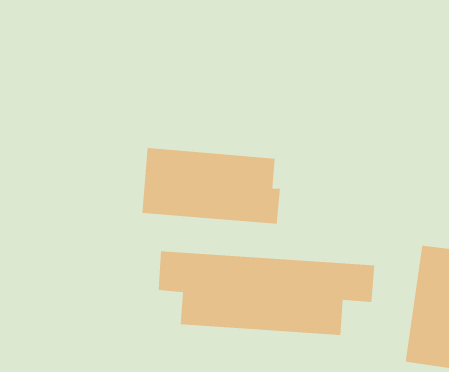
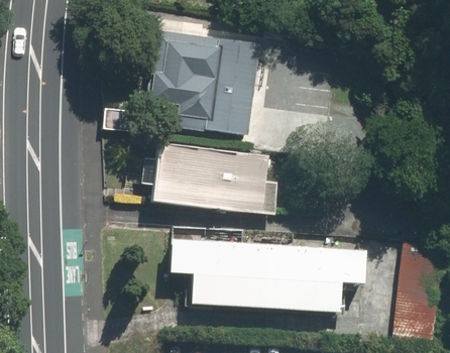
building: none -> [150,34,260,134]

